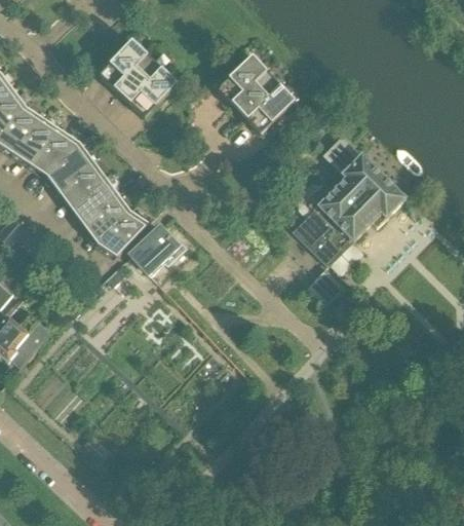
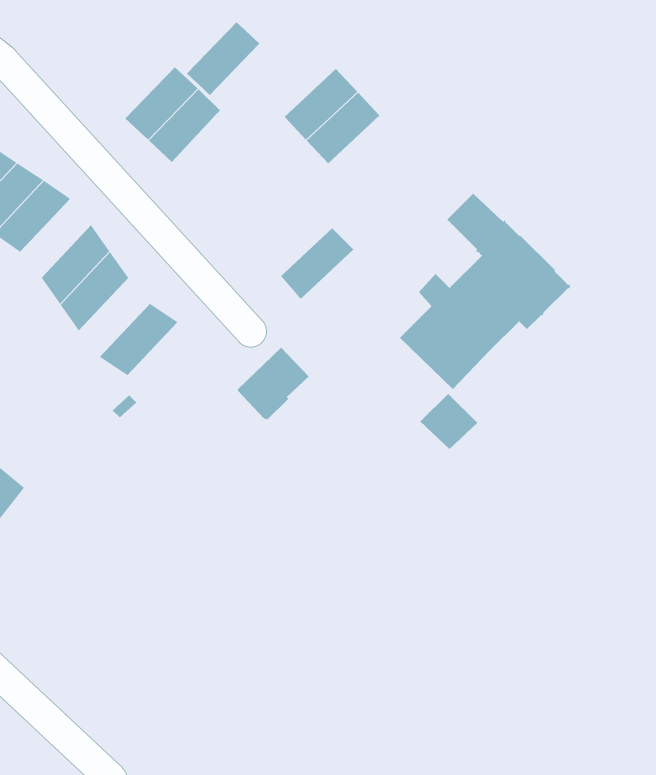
building: [99,40,147,88] -> [186,22,260,96]
building: [246,86,295,134] -> [280,227,354,300]
building: [46,141,92,192] -> none
building: [84,192,130,243] -> none
building: [130,226,178,274] -> [237,347,310,421]

